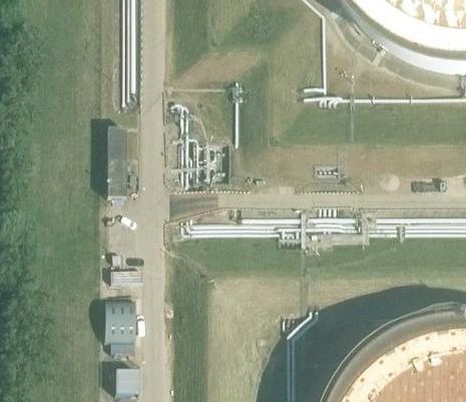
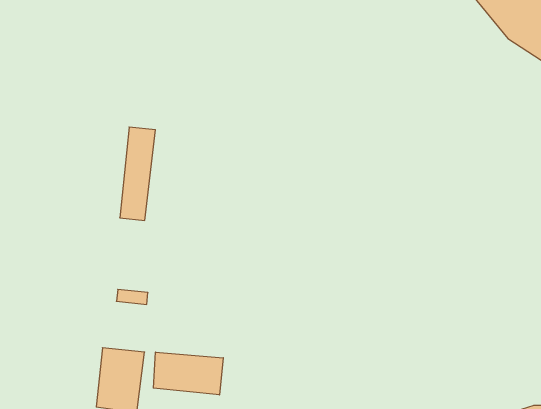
building: none -> [153,352,223,395]

